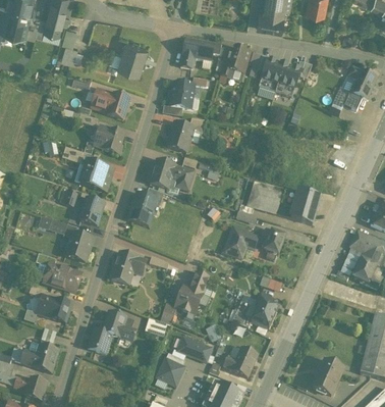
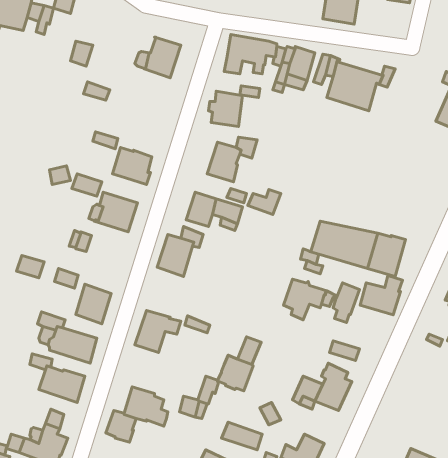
building: [90,89,129,118] -> none
building: [78,197,104,225] -> none
building: none -> [360,275,402,315]

